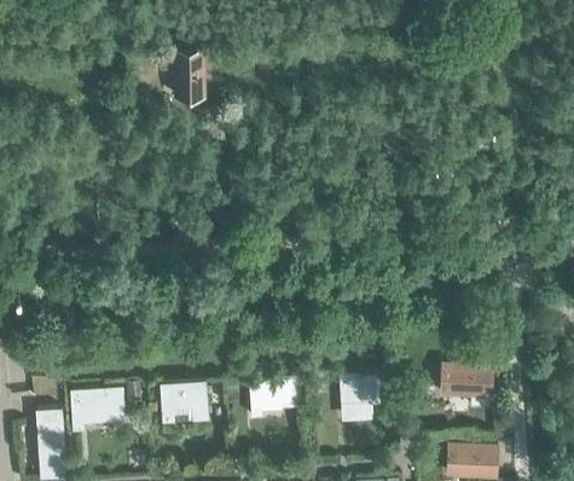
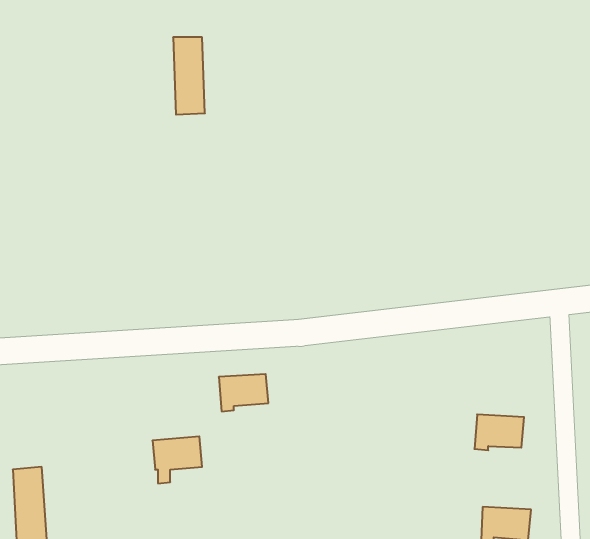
building: [338,375,382,407] -> none
building: [249,381,292,413] -> [219,374,268,411]
building: [70,392,128,428] -> none

